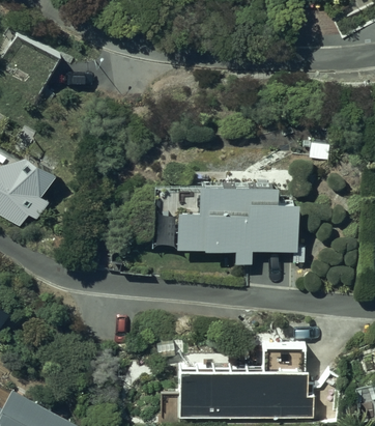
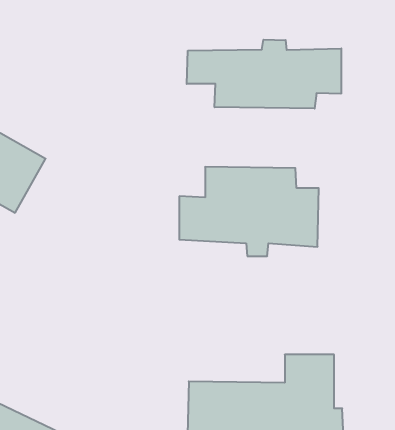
building: none -> [187,40,341,109]

